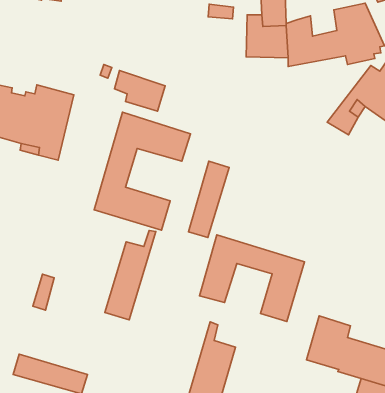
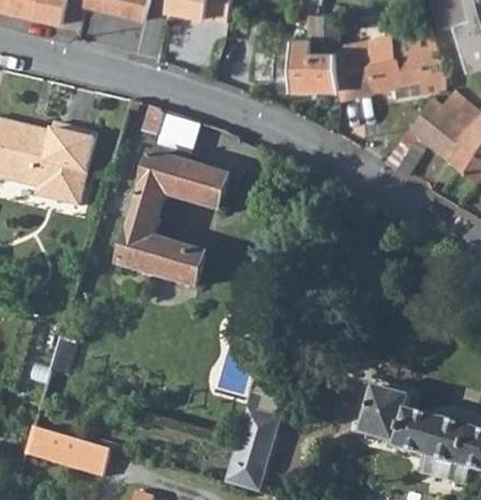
building: [189,161,229,237] -> none
building: [105,230,156,320] -> none
building: [200,235,304,321] -> none

